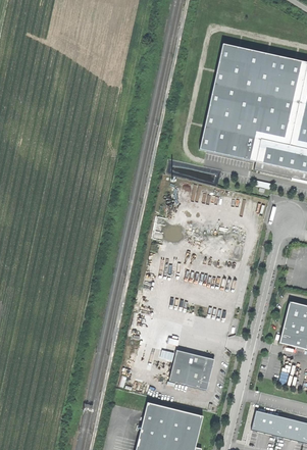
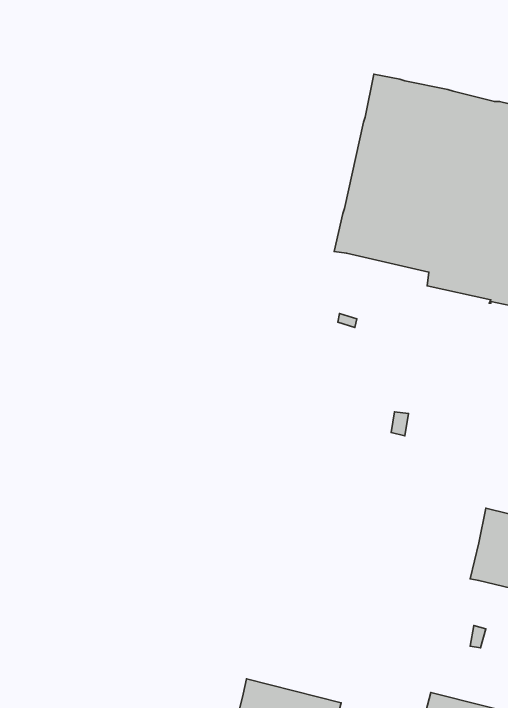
building: [169,350,214,390] -> none

